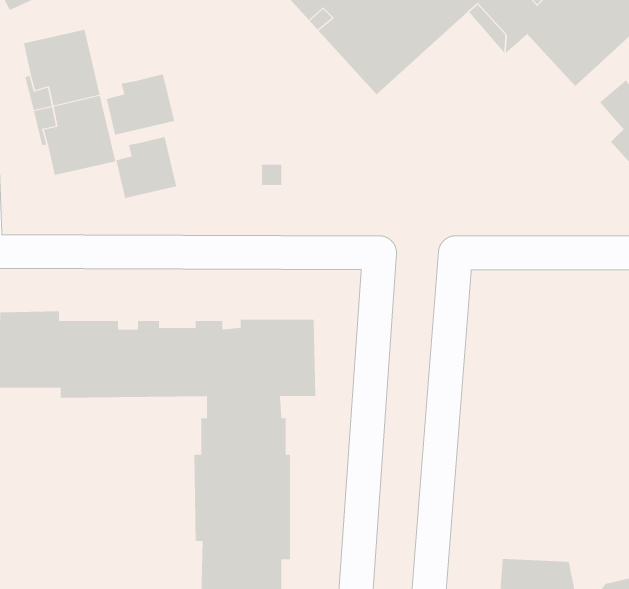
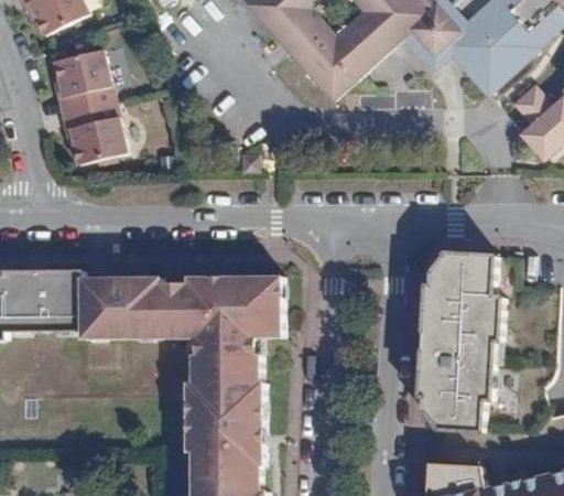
building: [106,74,175,136] -> none
building: [116,136,177,199] -> none
building: none -> [421,254,503,431]

